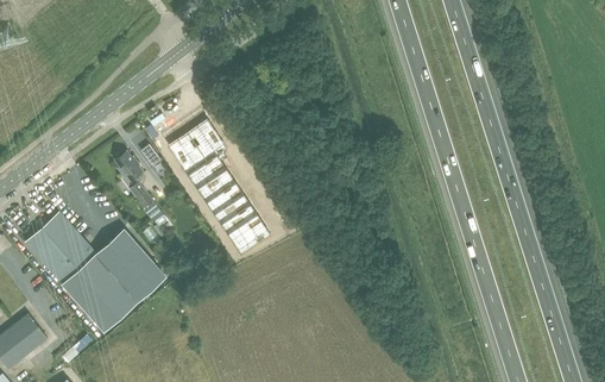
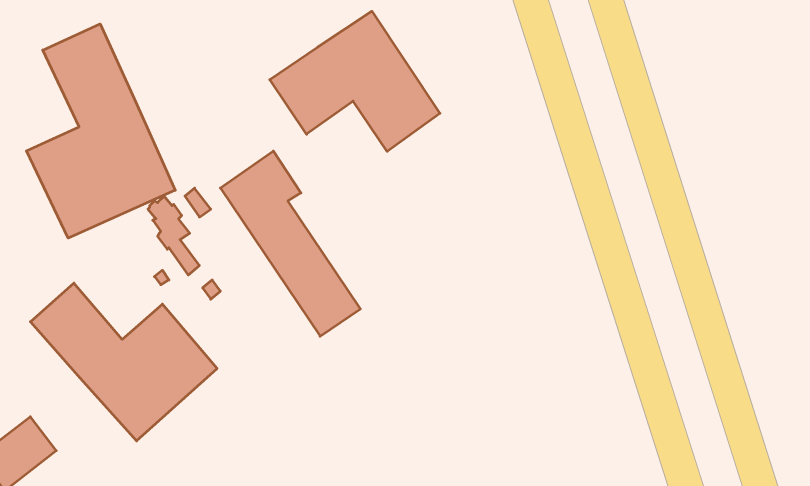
building: none -> [270,11,440,151]
building: none -> [26,24,175,238]

